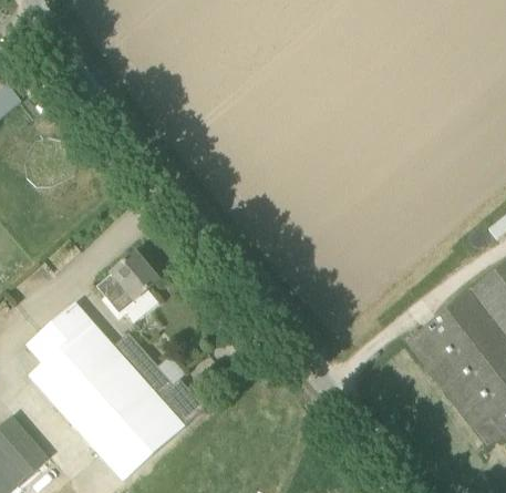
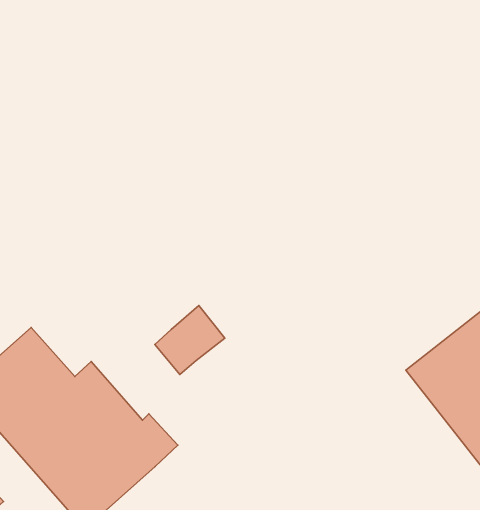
building: [97,251,159,312] -> [155,306,225,374]

